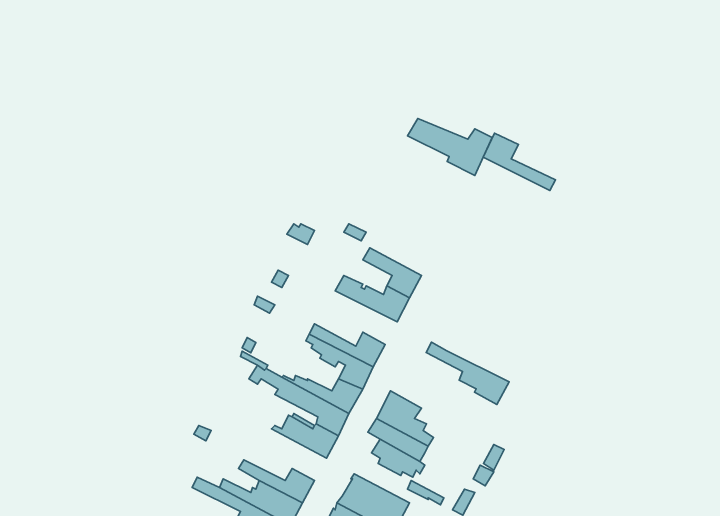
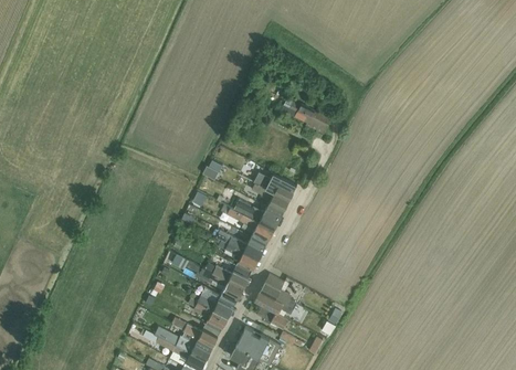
building: [483,133,555,190] -> none
building: none -> [254,172,297,200]
building: [426,342,509,404] -> [221,204,274,244]
building: none -> [189,298,229,331]

